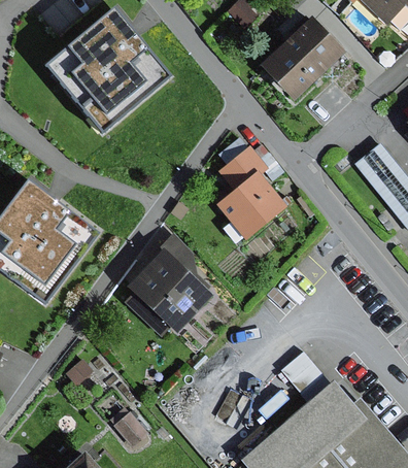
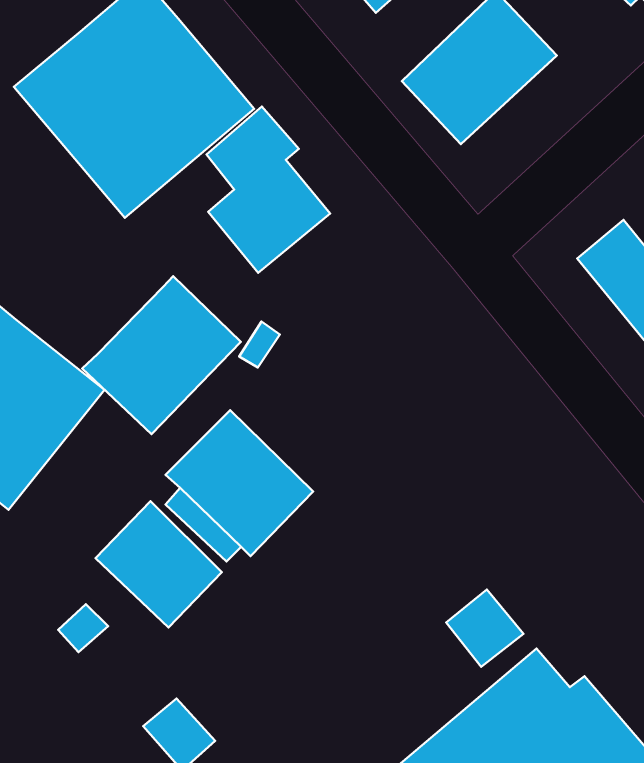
building: [217,144,286,237] -> [206,106,330,273]
building: none -> [82,276,241,434]
building: none -> [95,501,222,627]

